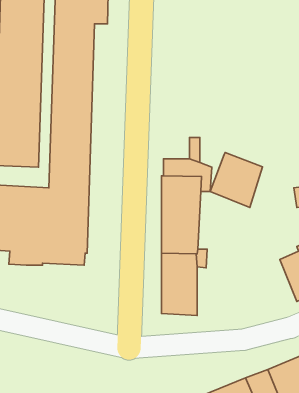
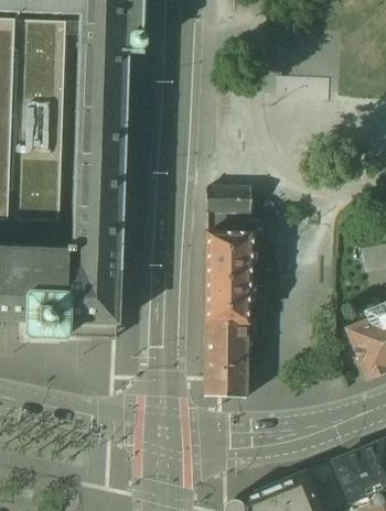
building: none -> [207,184,239,210]
building: [210,153,263,207] -> none

